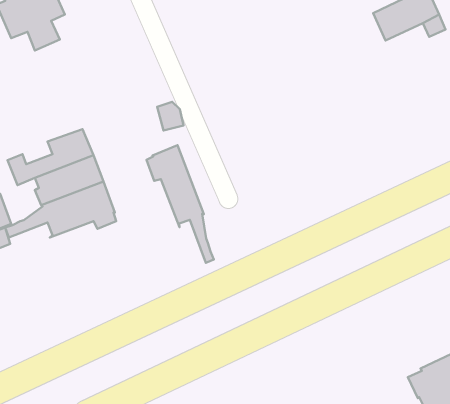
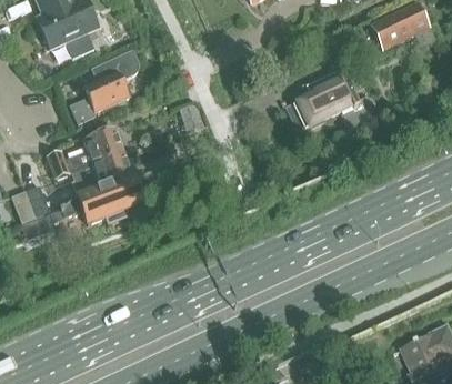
building: none -> [70,50,138,122]
building: none -> [291,71,374,130]
building: [147,145,214,263] -> none

